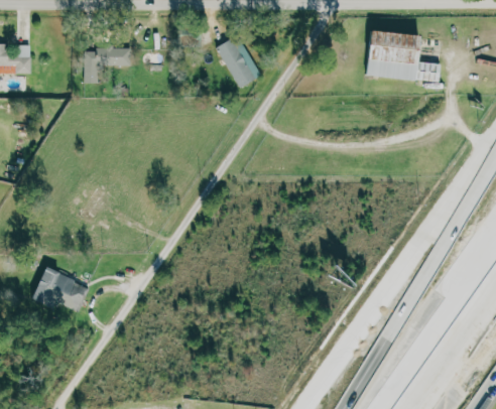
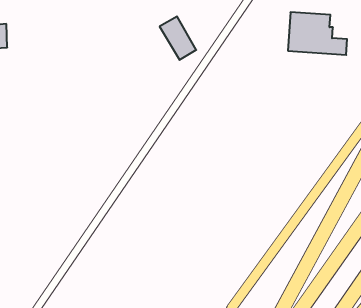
building: [82,48,128,83] -> none
building: [33,268,88,311] -> none

